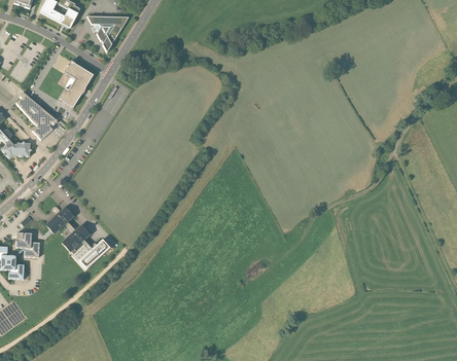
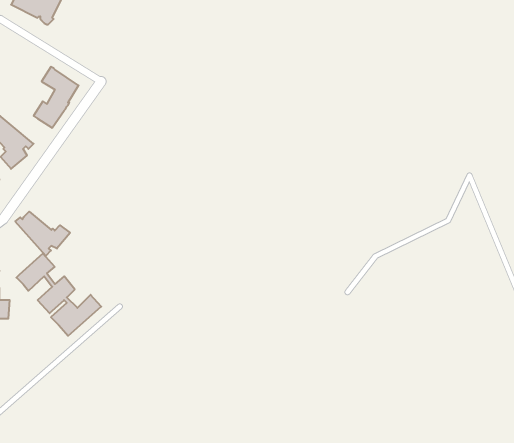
building: [86,15,129,52] -> none
building: none -> [15,212,70,256]

